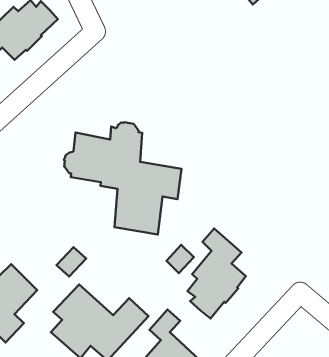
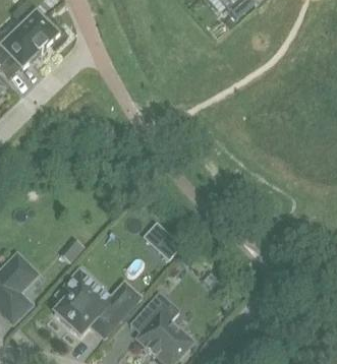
building: [64,122,182,234] -> none
building: [188,228,246,318] -> none

